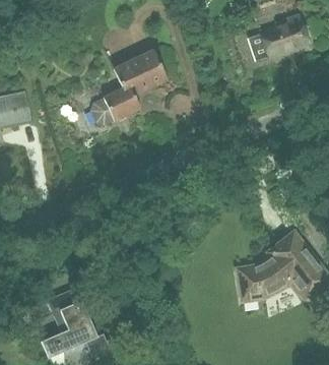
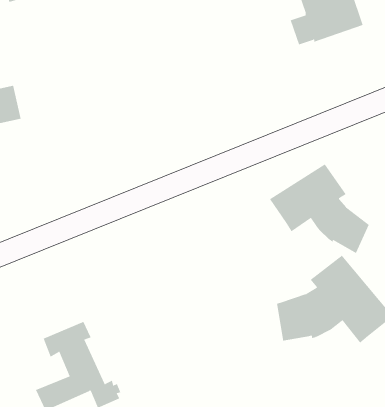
building: [90,49,169,124] -> none
building: none -> [269,164,369,254]

